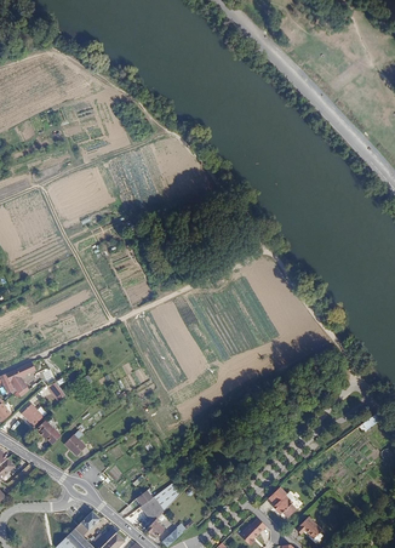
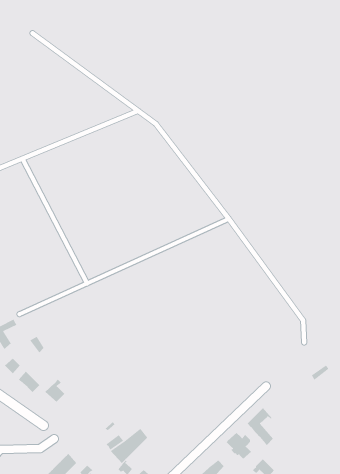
building: none -> [247,407,274,446]

